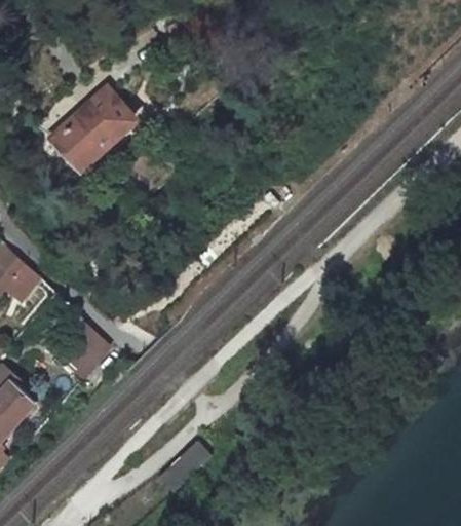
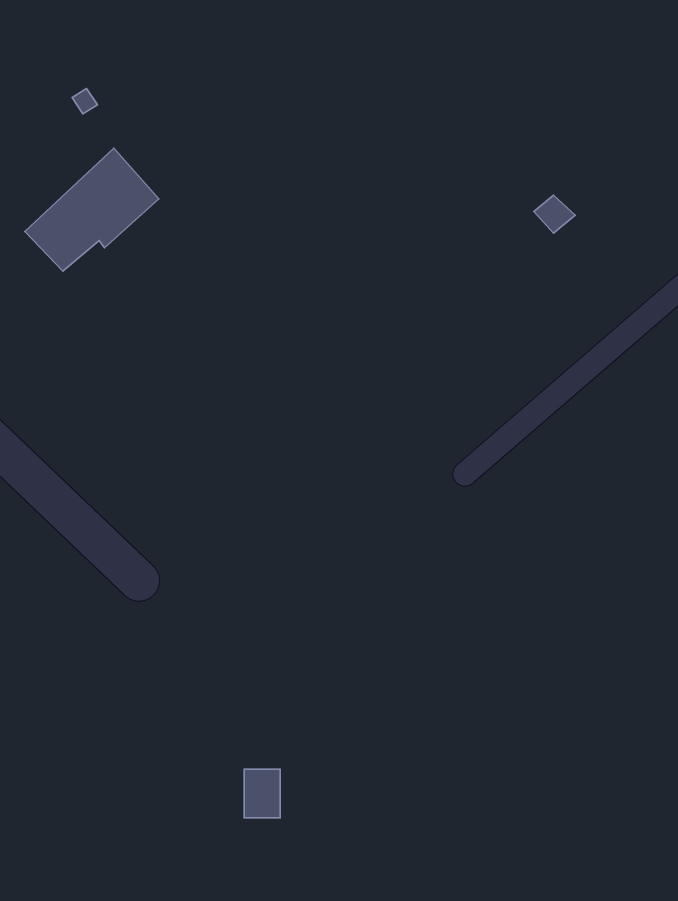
building: [67,331,106,378] -> none

